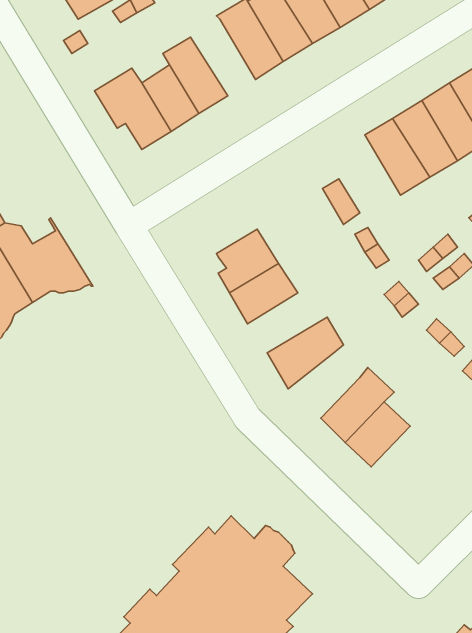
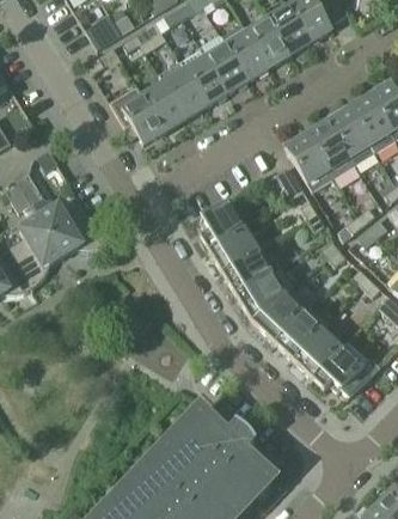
building: none -> [179,48,227,104]
building: none -> [286,133,333,190]
building: none -> [221,244,280,293]
building: none -> [251,293,304,341]
building: none -> [312,340,376,396]

